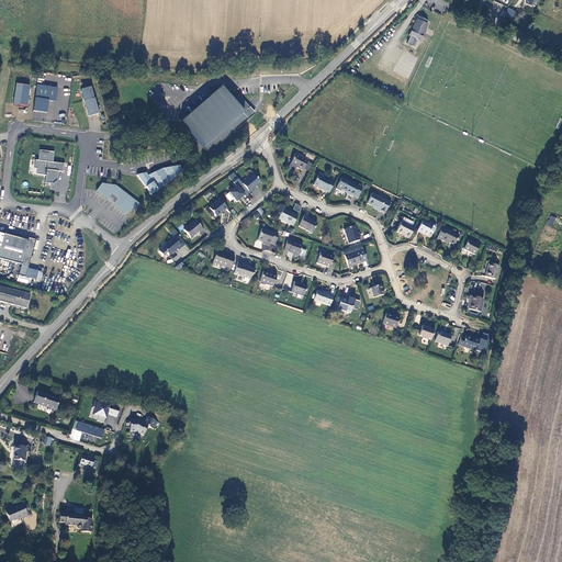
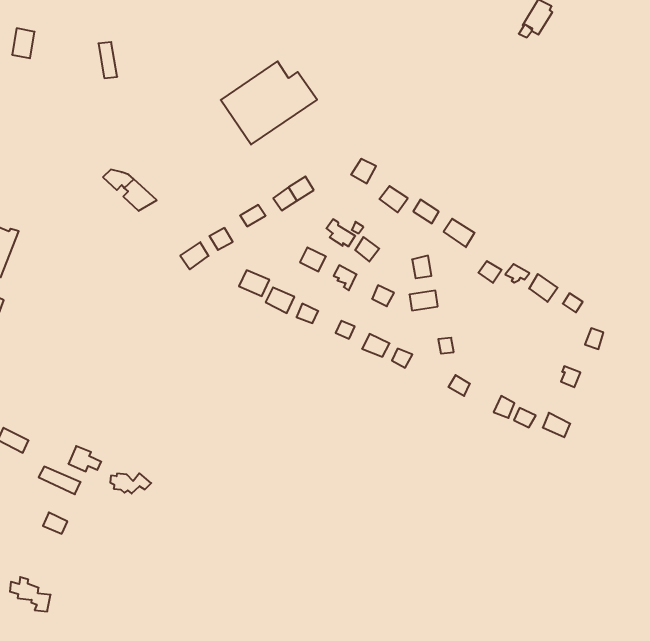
building: [34,86,57,114] -> none
building: [35,151,64,186] -> none
building: [137,166,184,195] -> none

